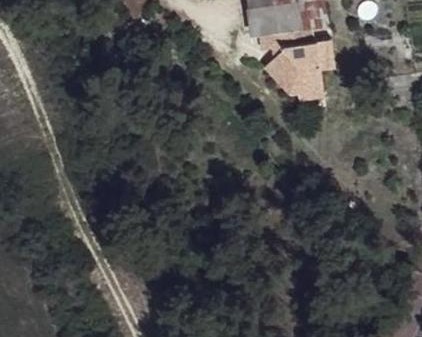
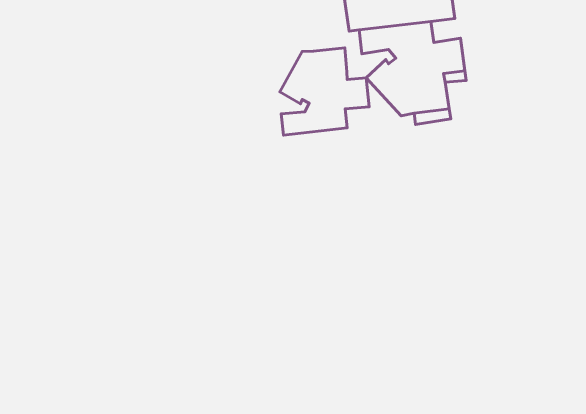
building: none -> [280,48,369,135]

